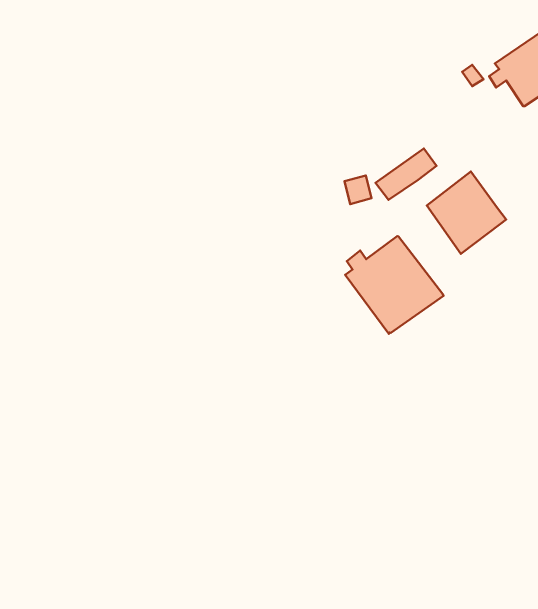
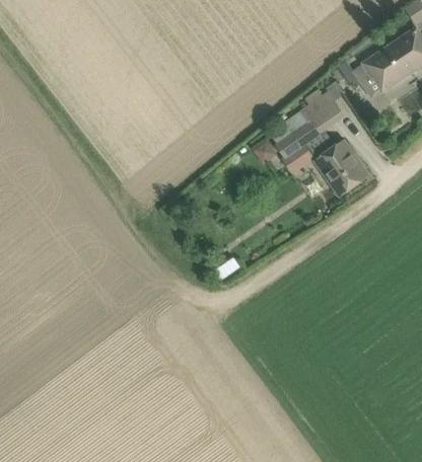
building: [345,236,443,334] -> none

